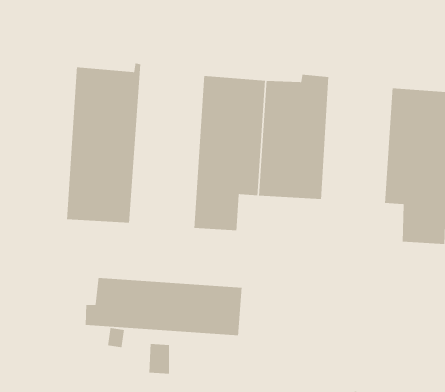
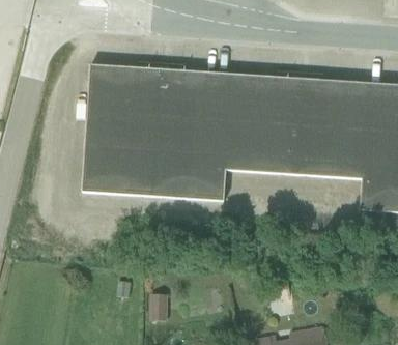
building: none -> [135,61,196,198]
building: none -> [294,71,352,177]
building: [85,277,243,336] -> none

